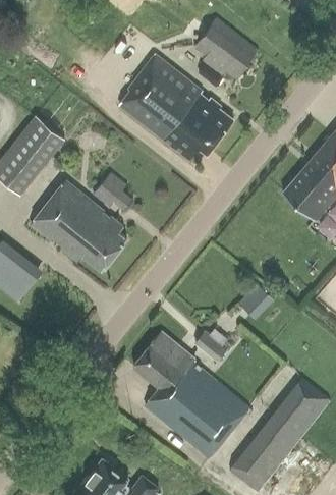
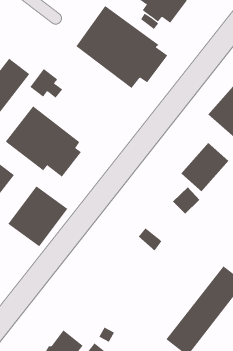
building: [91,172,132,210] -> [30,68,63,98]
building: none -> [181,142,229,192]
building: none -> [7,185,68,247]
building: [132,331,248,457] -> none

